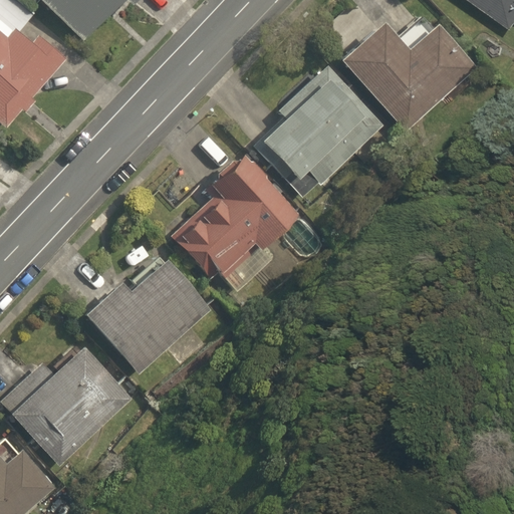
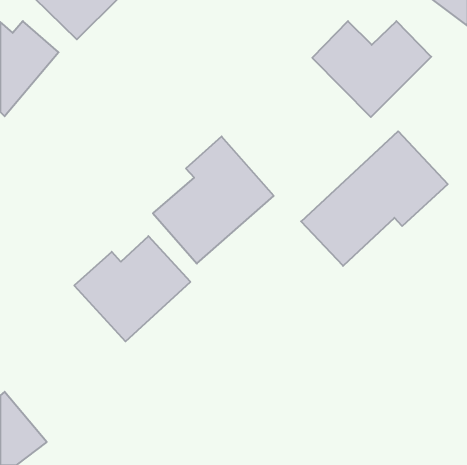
building: [258,68,379,189] -> none
building: none -> [301,131,448,266]
building: [8,342,136,468] -> none

